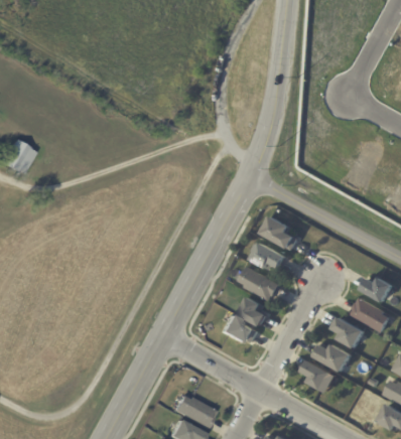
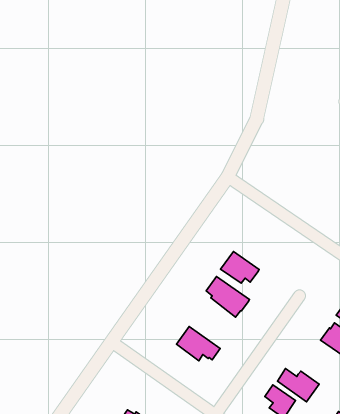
building: [261,215,298,250] -> none
building: [239,296,267,325] -> none
building: [333,317,365,348] -> none

